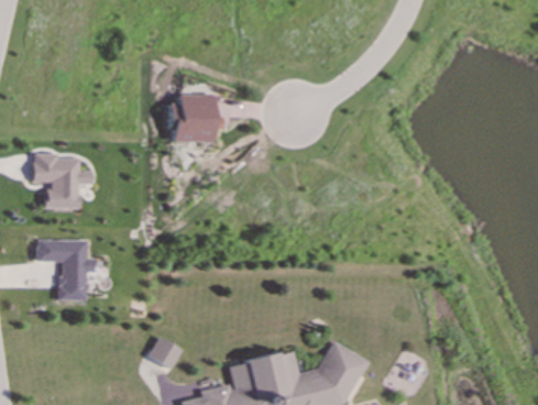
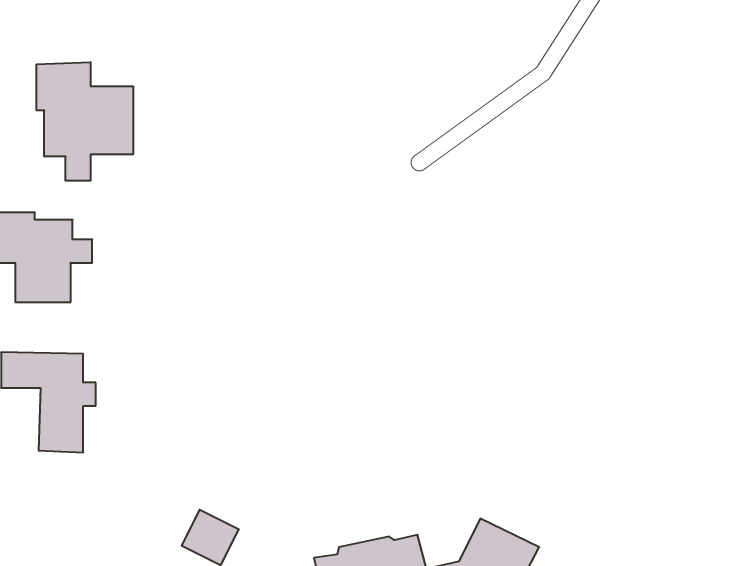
building: none -> [37,62,133,181]
building: [172,94,220,141] -> none

